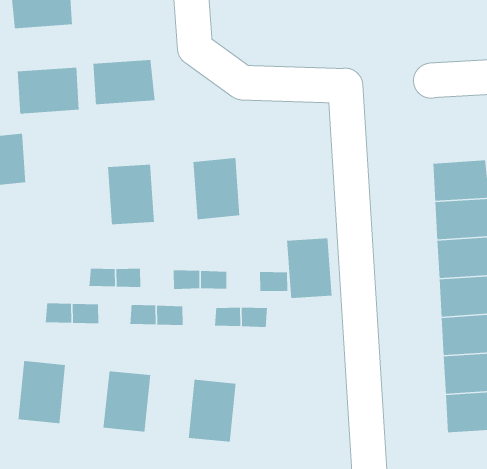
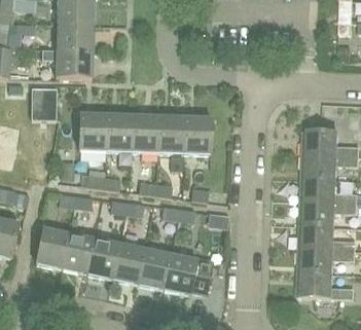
building: [93,59,155,105] -> [56,25,93,51]
building: none -> [131,115,157,152]
building: none -> [78,113,105,150]
building: [286,238,332,299] -> [183,116,210,153]
building: none -> [61,232,94,273]
building: none -> [112,244,145,285]
building: none -> [164,254,211,295]

